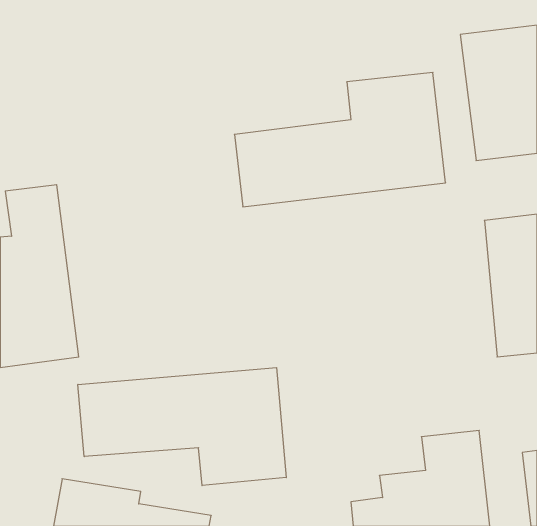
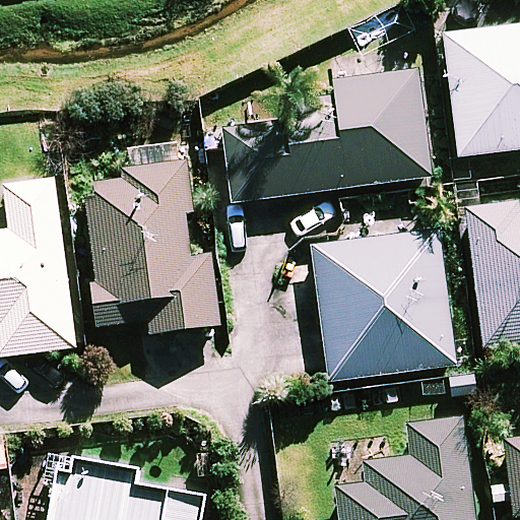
building: none -> [86,145,219,332]
building: none -> [313,231,457,382]
building: [78,368,286,486] -> none

